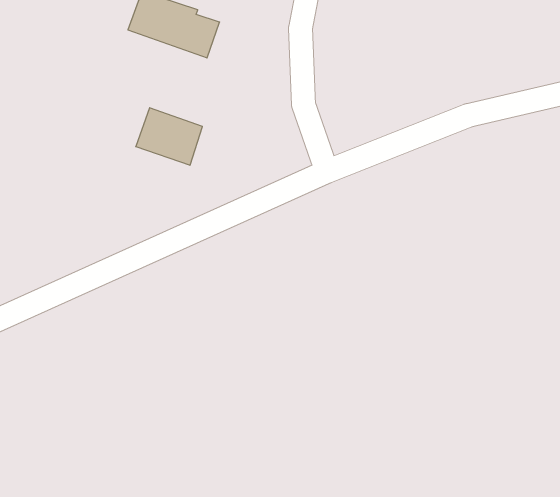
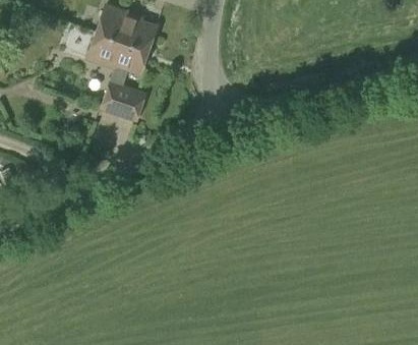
building: none -> [88,31,148,71]

